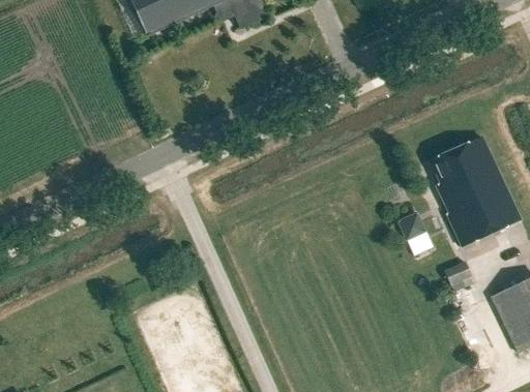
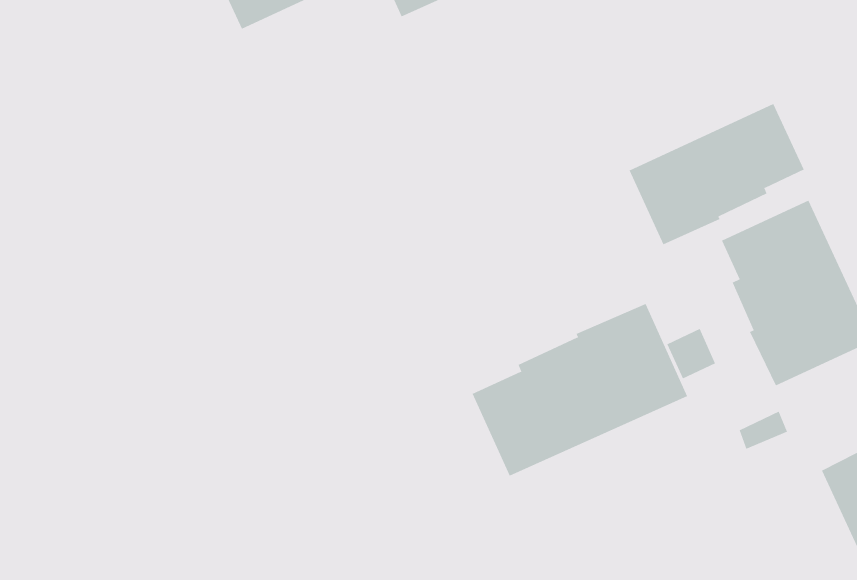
building: none -> [629,103,805,245]
building: none -> [472,303,688,477]

